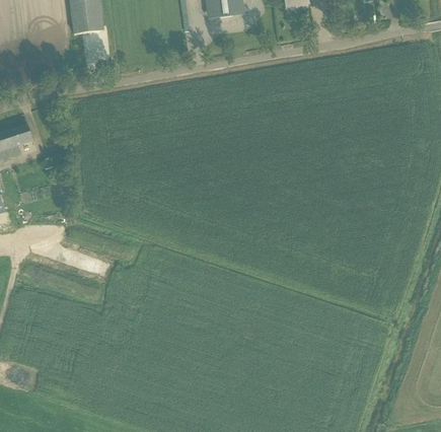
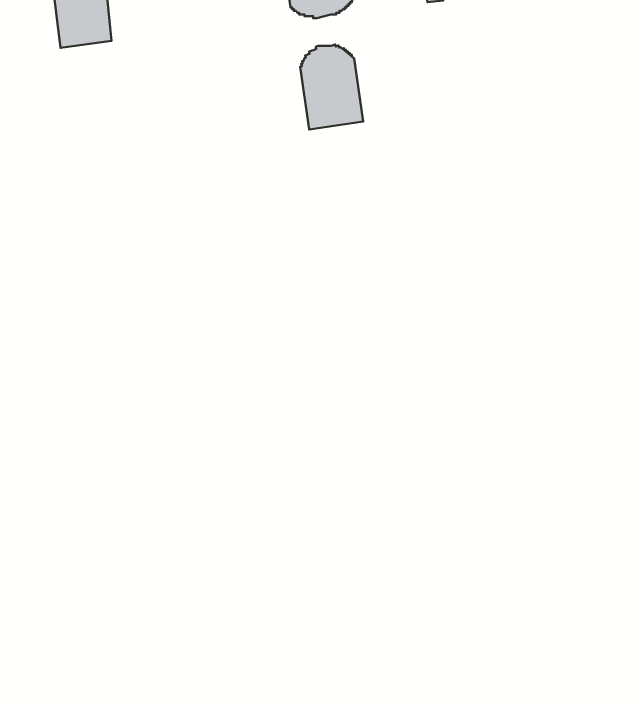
building: none -> [300,44,363,130]

